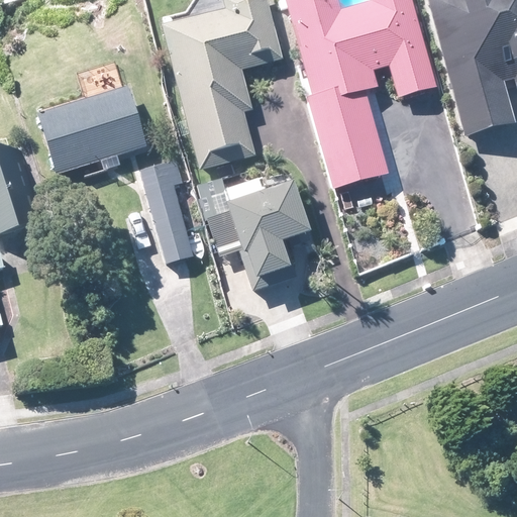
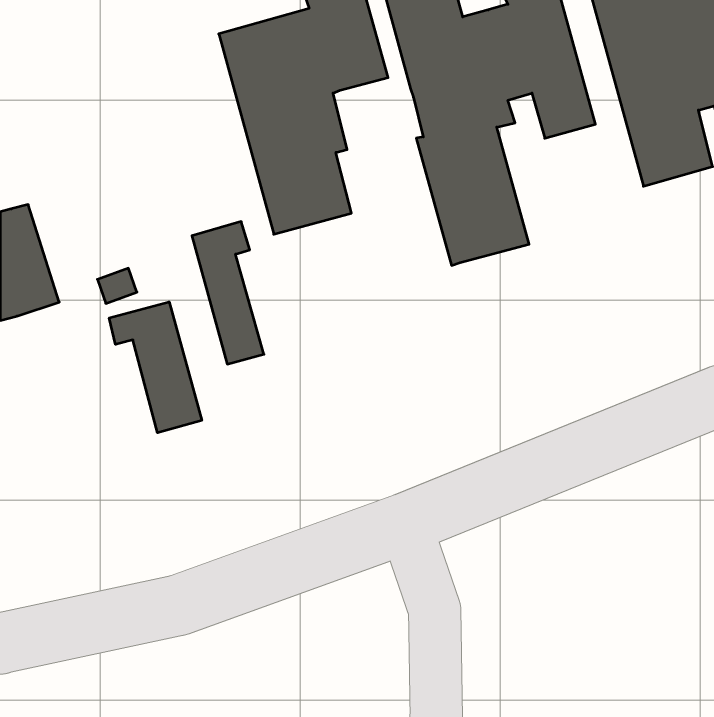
building: [37,85,147,173] -> none
building: [224,181,309,290] -> none
building: none -> [109,302,202,433]

